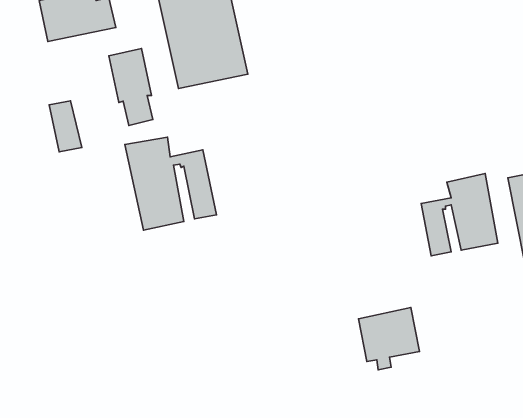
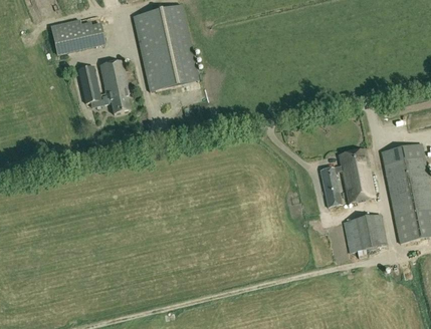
building: [49,101,82,152] -> [78,65,101,101]
building: [125,137,217,230] -> none
building: [358,307,419,370] -> [344,213,387,257]

